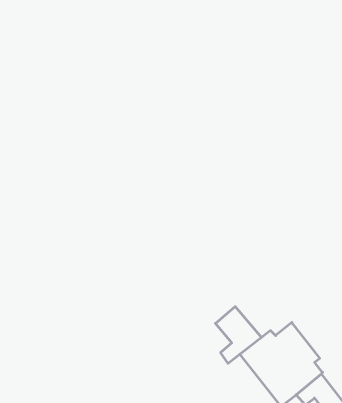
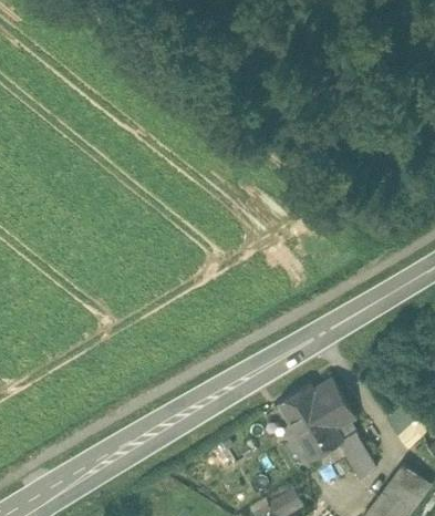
building: [215,307,261,363] -> none

